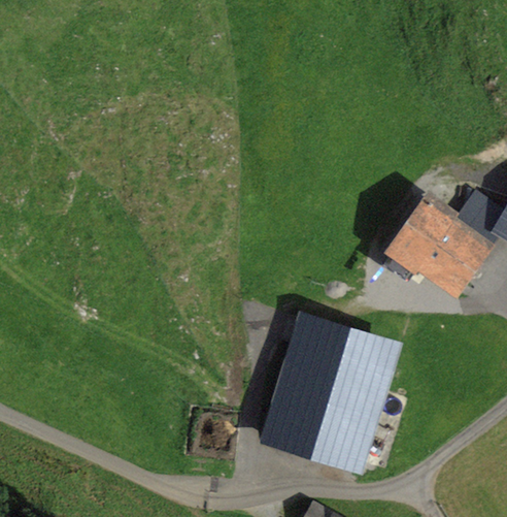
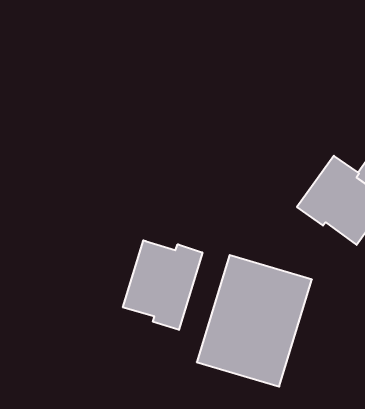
building: none -> [123,240,202,330]

